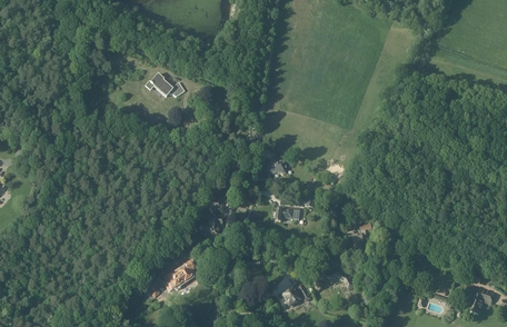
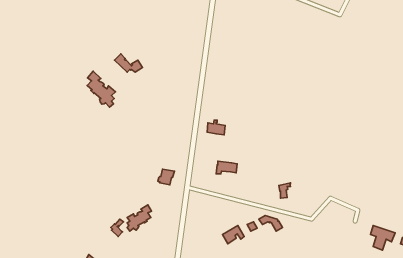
building: none -> [87,71,115,107]

